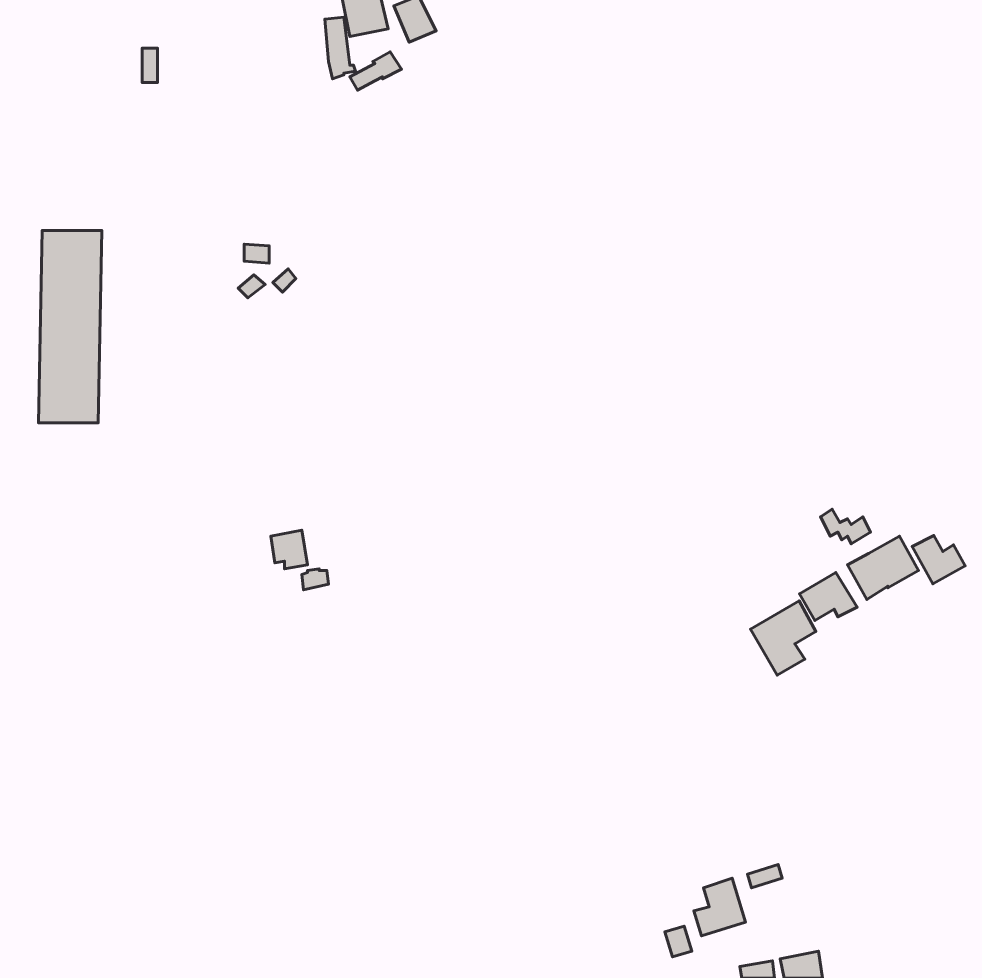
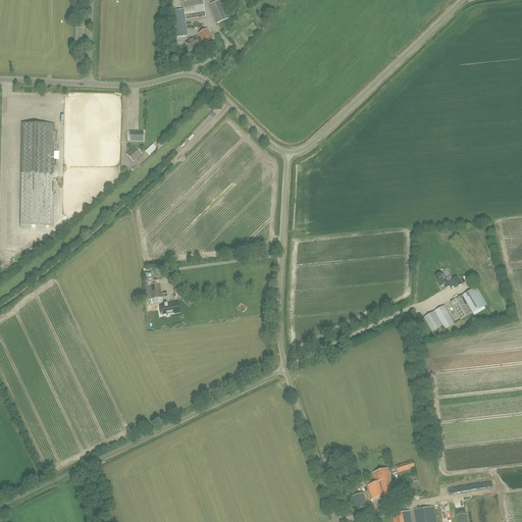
building: [912,535,965,584] -> none
building: [751,601,816,675] -> none

